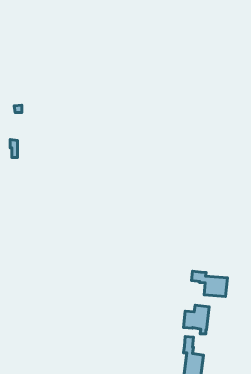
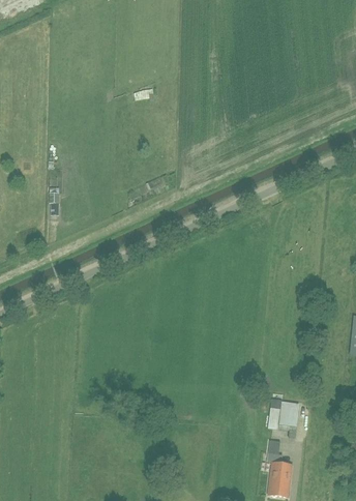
building: [191,271,228,296] -> none

